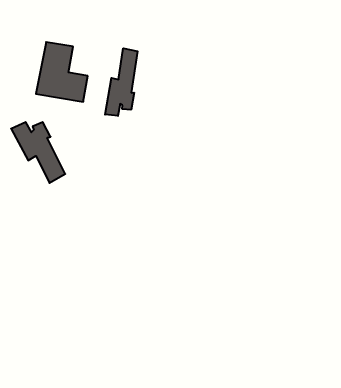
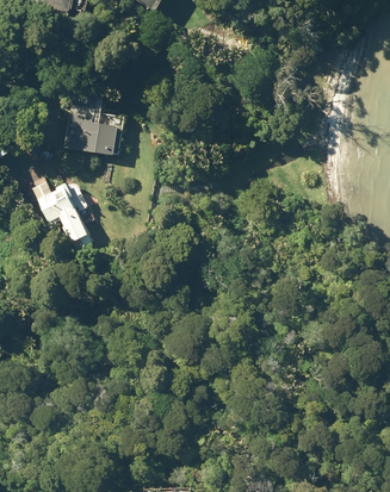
building: [105,48,138,116] -> none

